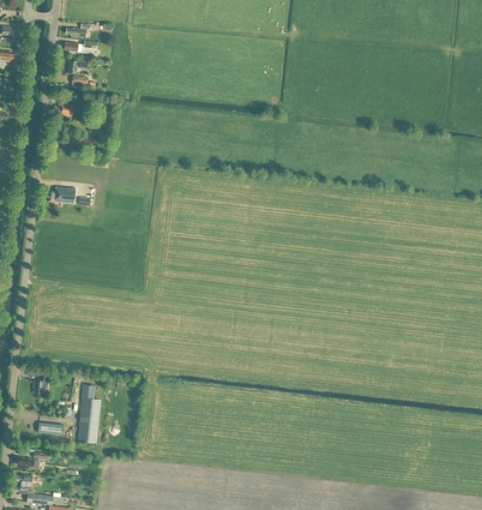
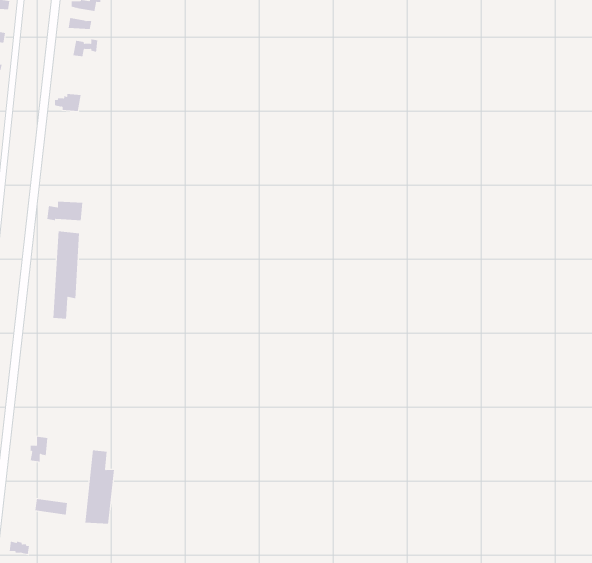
building: none -> [53,230,79,319]

